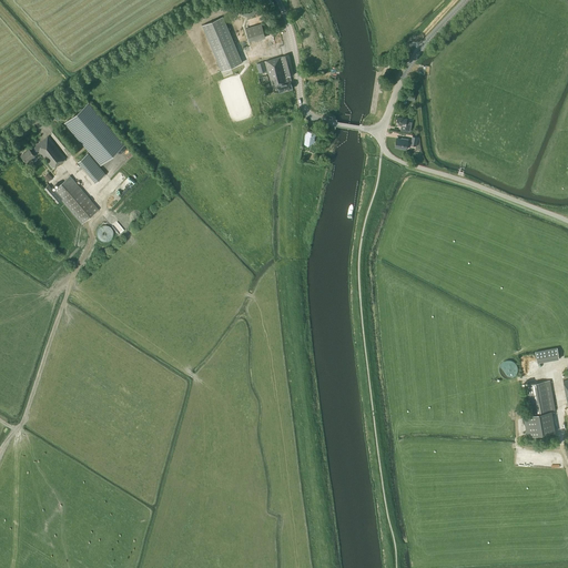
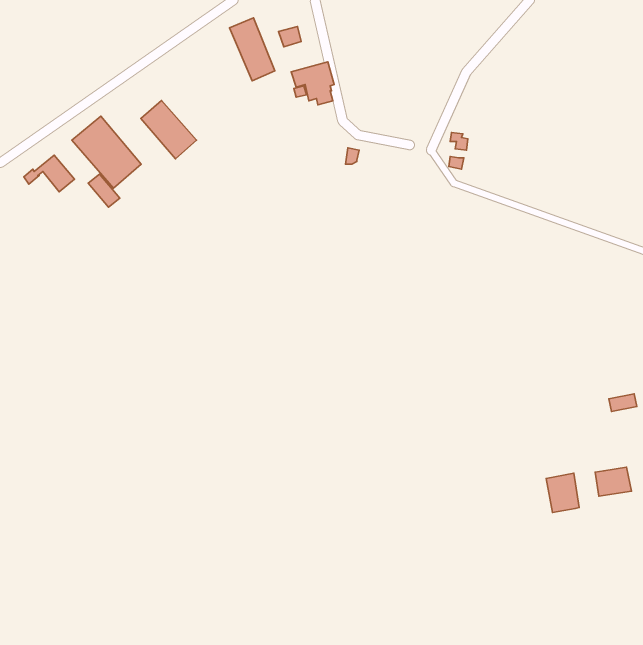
building: none -> [141,101,196,159]
building: [44,175,100,224] -> none
building: [527,379,556,414] -> [546,473,579,512]

